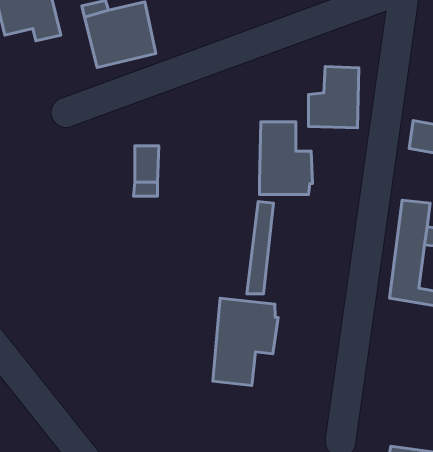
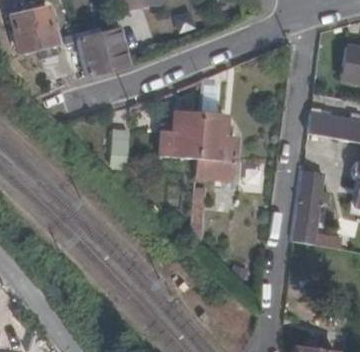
building: [308,66,359,128] -> [167,113,203,157]
building: [213,298,278,385] -> none

